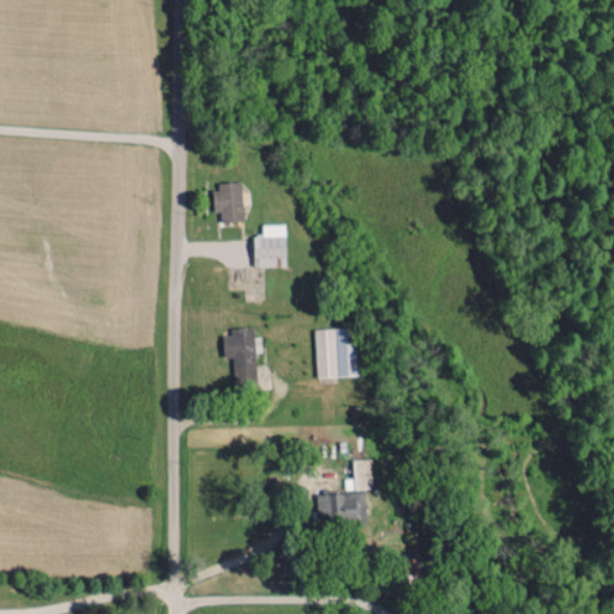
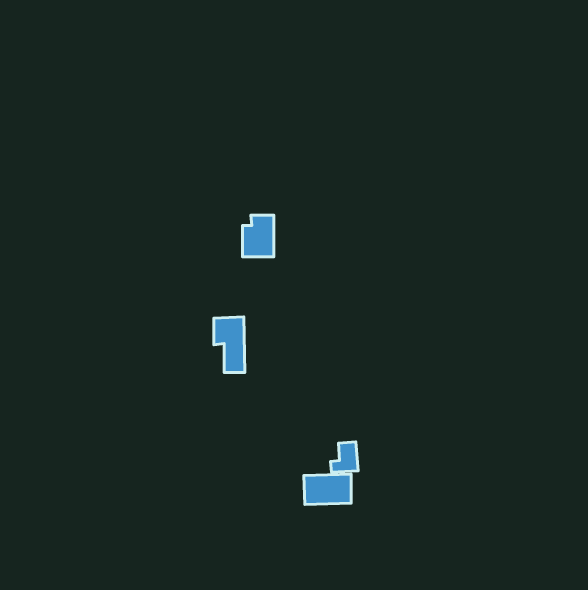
building: [215,182,245,222] -> none
building: [315,329,359,378] -> none

